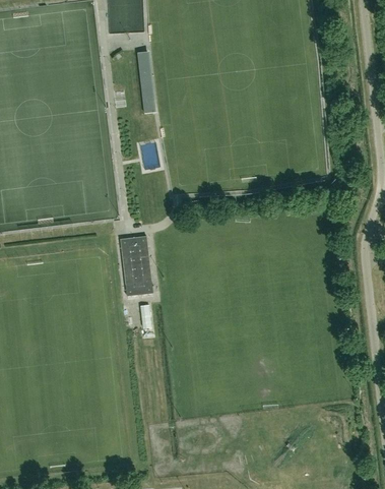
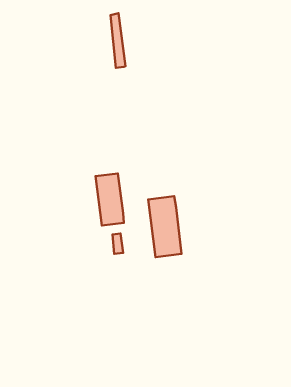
building: none -> [148,196,181,257]

